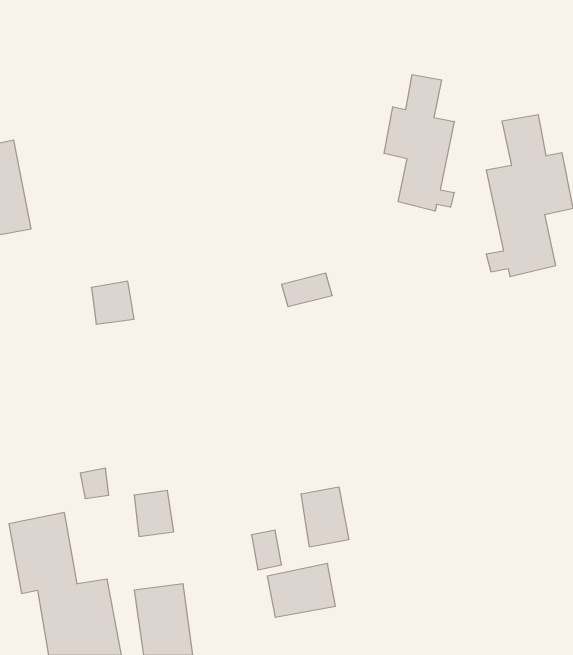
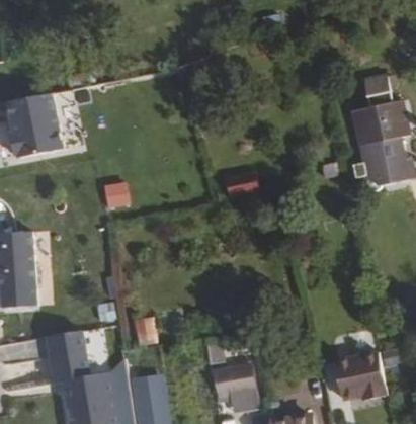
building: [384,75,454,211] -> none
building: [301,487,349,547] -> none
building: none -> [331,351,385,400]

